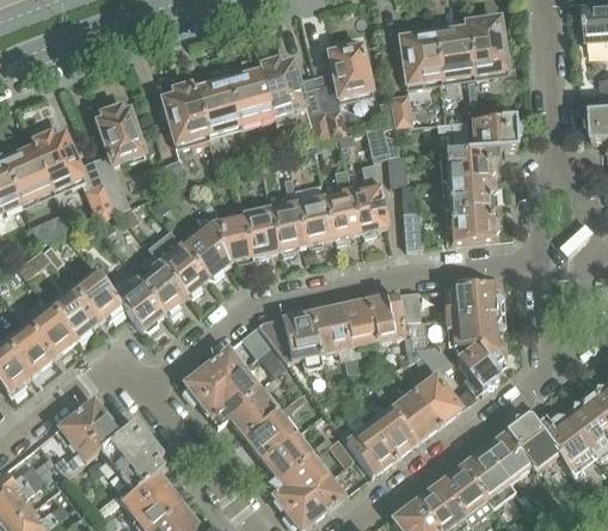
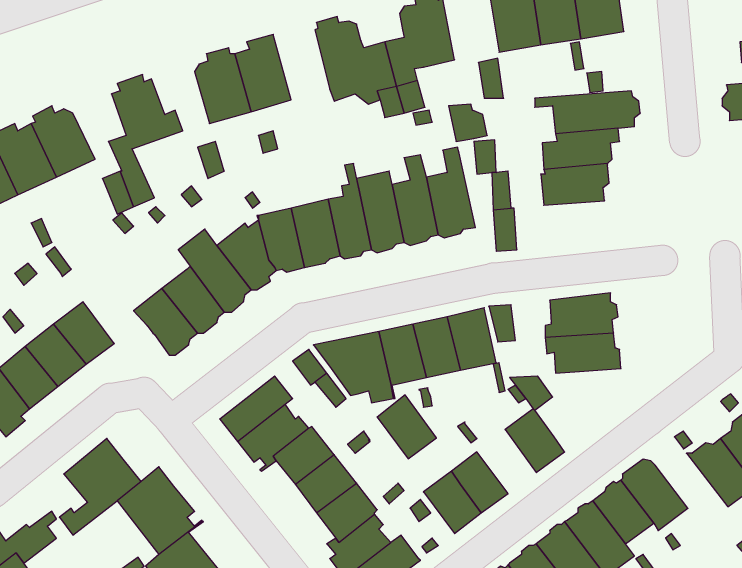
building: [226,67,271,124] -> none
building: [443,206,498,242] -> none
building: [73,269,124,321] -> none
building: [452,341,506,408] -> none
building: [389,390,437,441] -> [377,395,436,459]
building: [533,408,591,477] -> none

